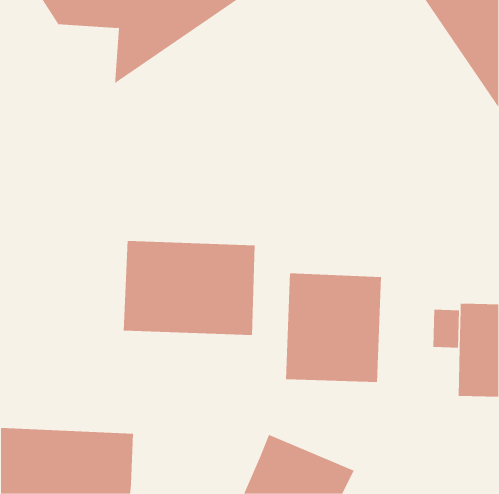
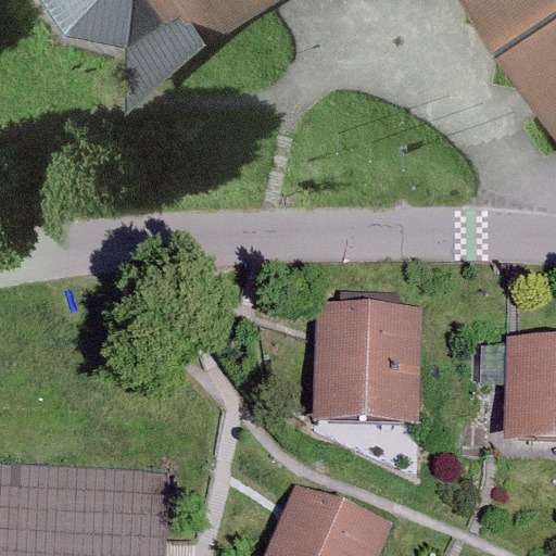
building: [123,240,255,336] -> none

